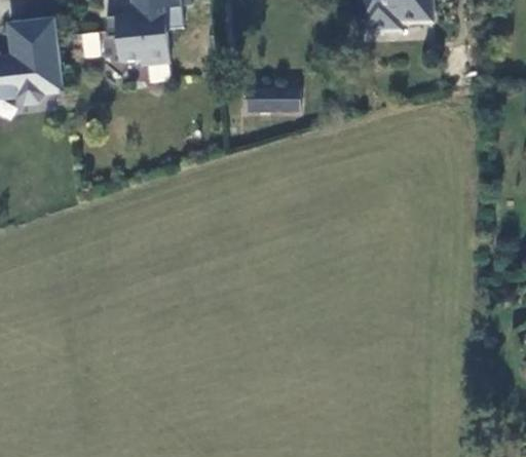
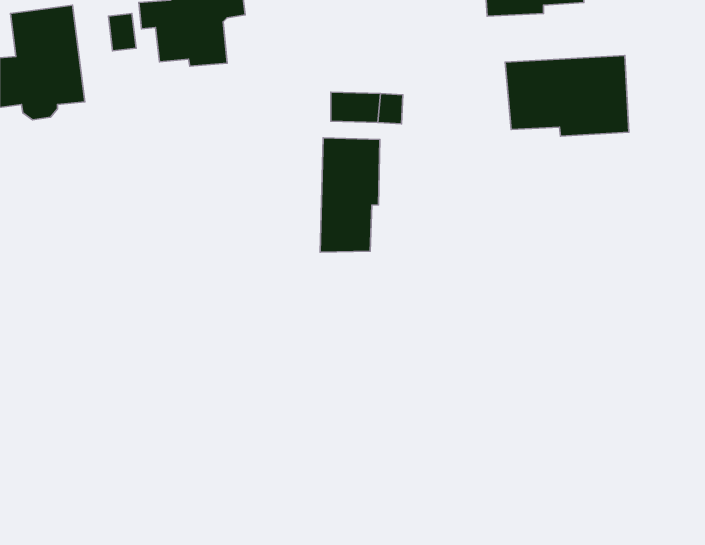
building: none -> [505,56,629,136]
building: none -> [320,138,380,252]

